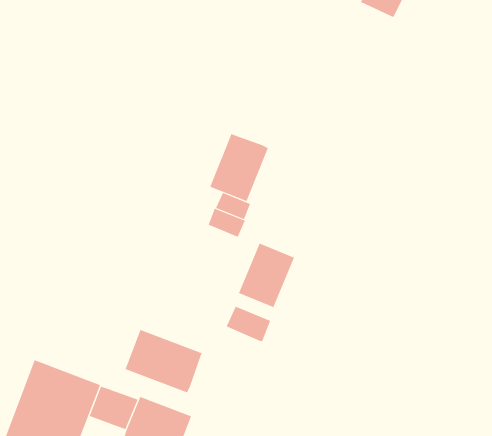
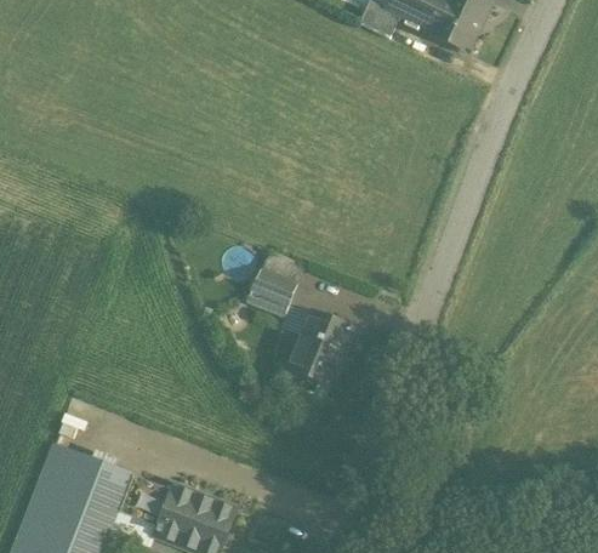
building: [210,133,268,202] -> none
building: [226,306,271,342] -> none
building: [125,329,202,393] -> none

